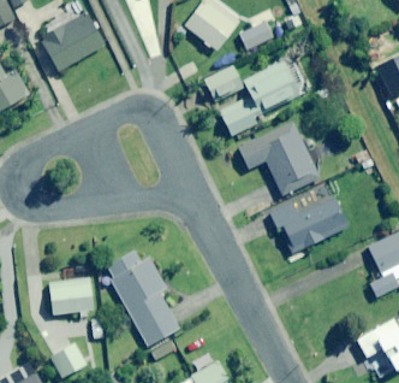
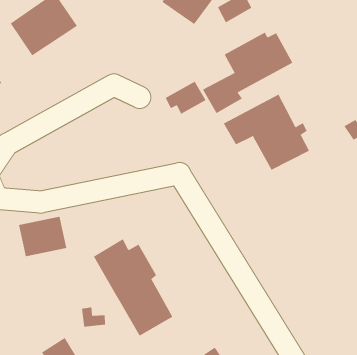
building: [203,65,243,96] -> [165,81,206,114]
building: [268,196,350,252] -> none
building: [48,277,94,314] -> [18,216,67,257]

